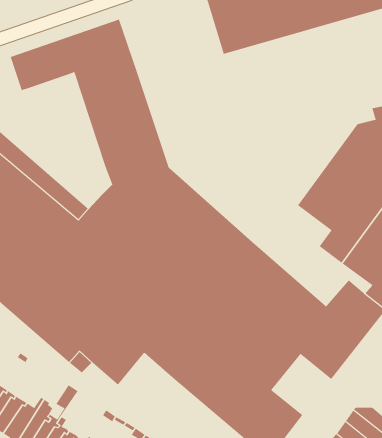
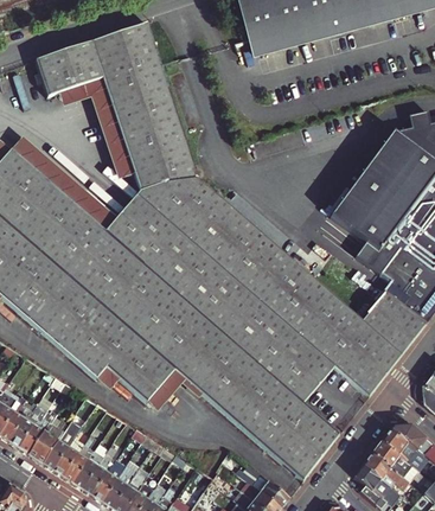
building: none -> [56,77,132,178]
building: none -> [146,369,201,411]

